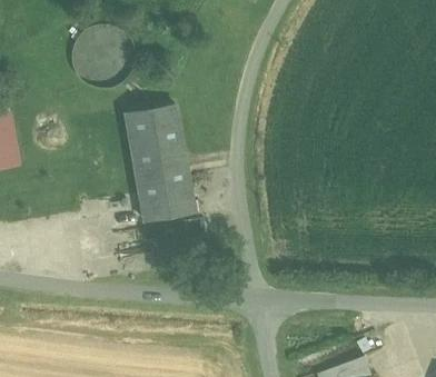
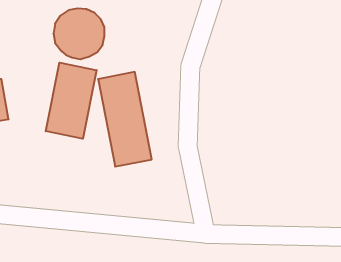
building: none -> [46,63,97,139]

